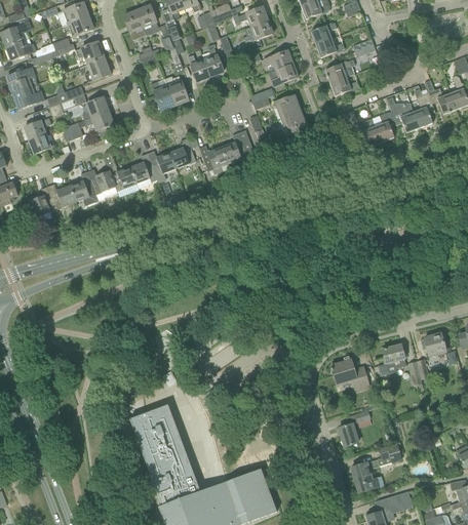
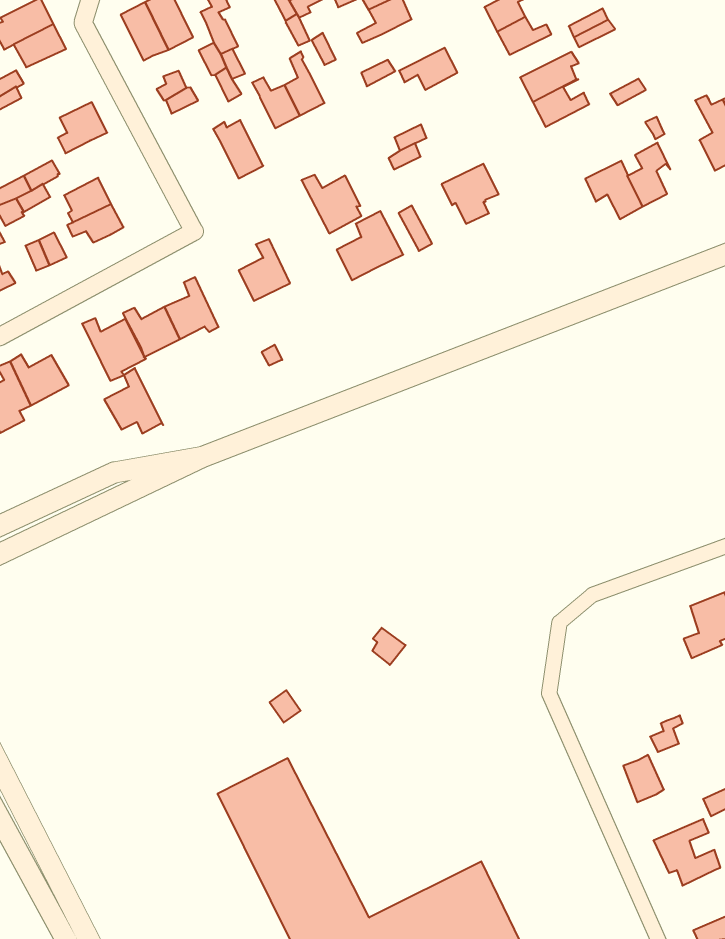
building: [75,41,104,64] -> none
building: [268,63,299,85] -> none
building: [150,81,174,110] -> none
building: [273,93,301,119] -> none
building: [391,106,419,132] -> none
building: [198,145,227,175] -> [301,175,361,233]
building: [147,150,176,179] -> none
building: [69,170,98,204] -> [104,368,163,433]
building: [330,358,365,390] -> none

